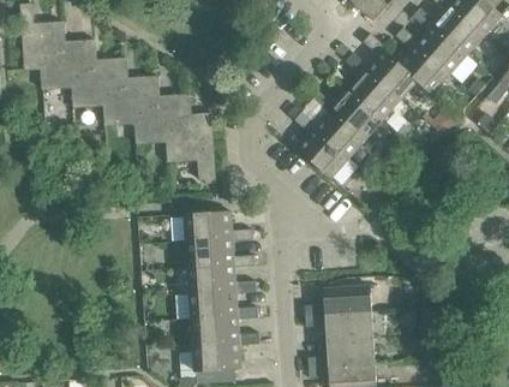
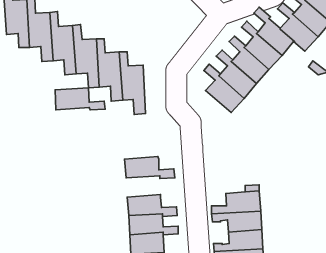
building: [184,212,252,242] -> [55,88,105,110]
building: [187,264,254,293] -> none

